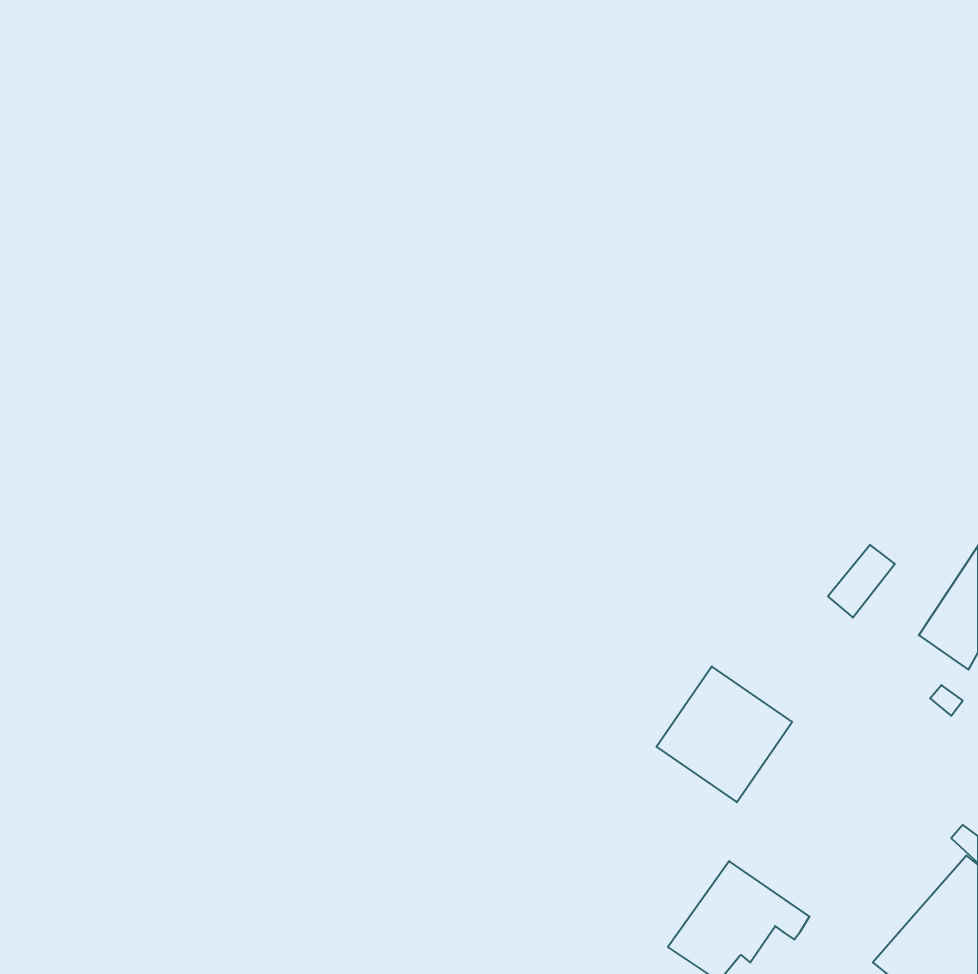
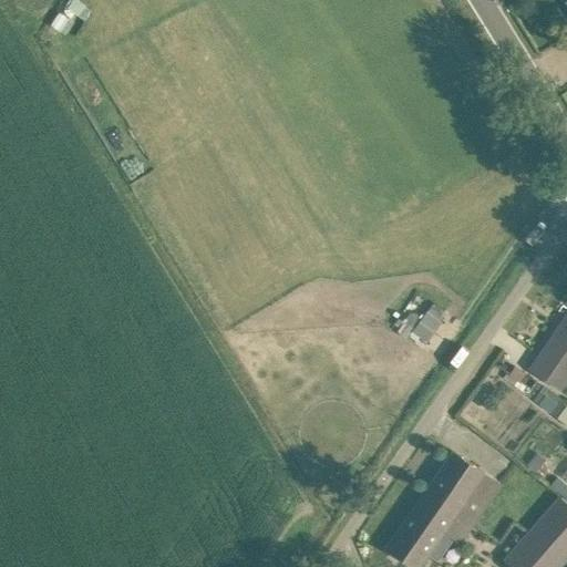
building: [828,545,895,618] -> [408,303,446,346]
building: [656,666,792,802] -> [422,454,501,533]

